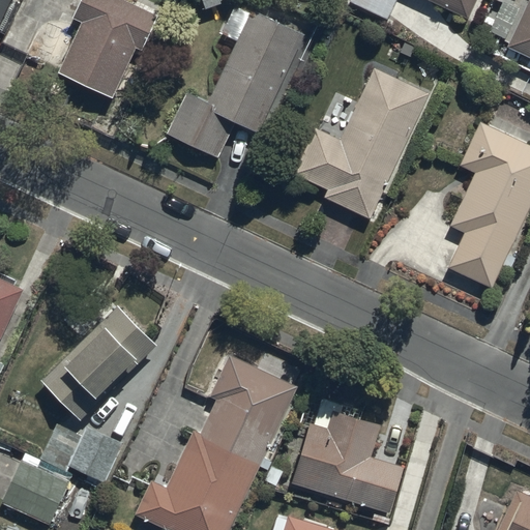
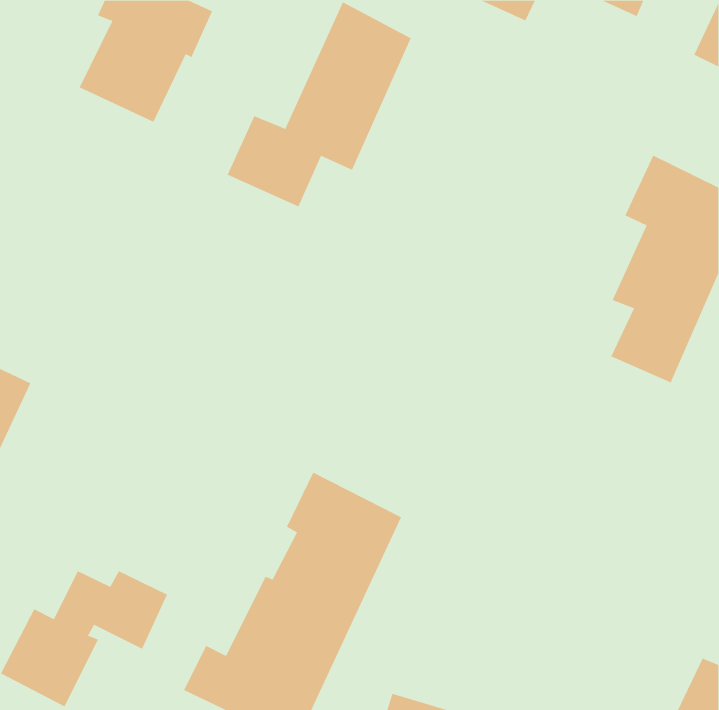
building: [294,67,428,219] -> none
building: [42,306,155,418] -> none
building: [292,393,405,513] -> none

